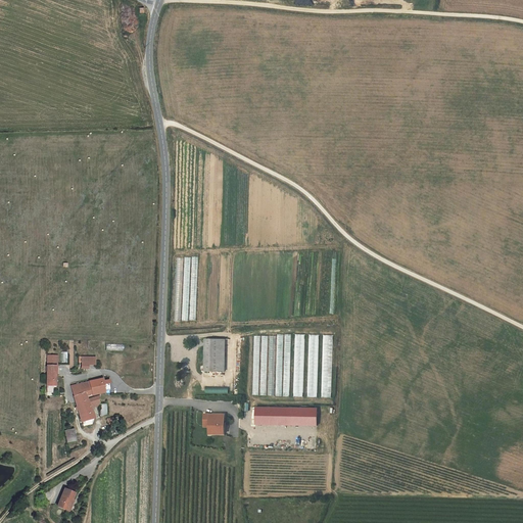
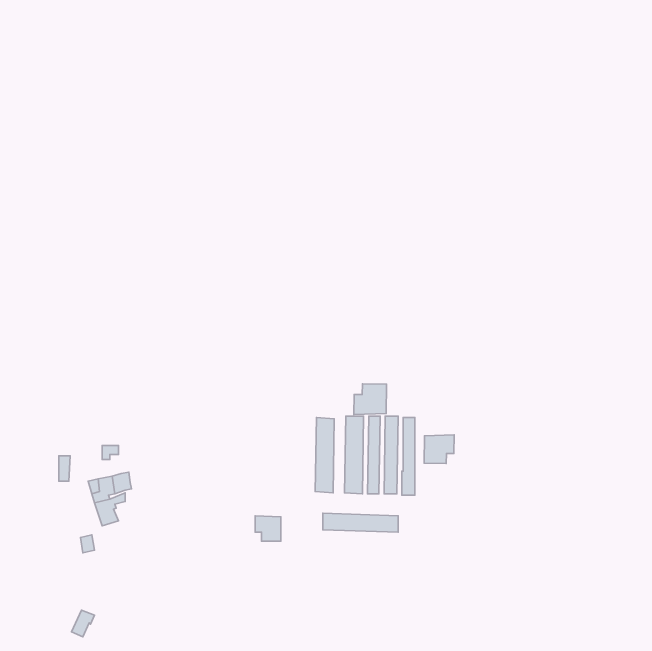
building: none -> [354,384,387,415]
building: [204,338,225,371] -> none
building: none -> [424,435,454,464]

